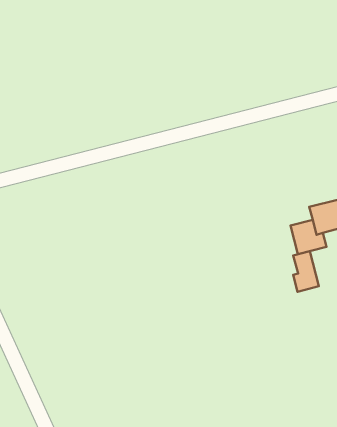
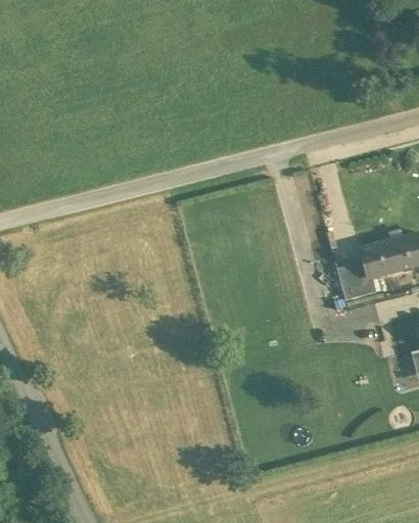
building: [293,251,319,292] -> none

